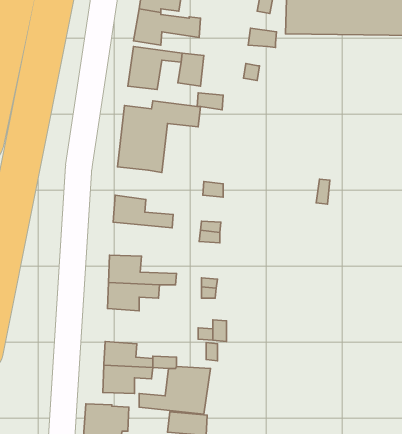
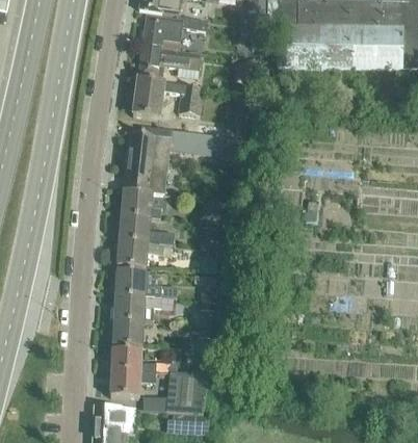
building: none -> [121,188,160,217]
building: none -> [115,238,163,266]
building: none -> [112,317,142,345]

